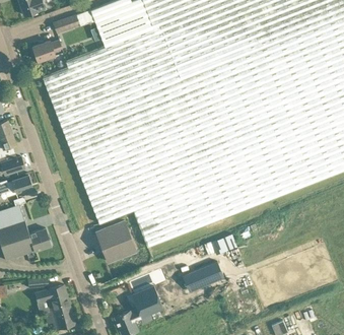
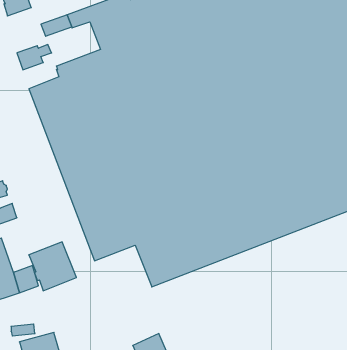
building: [95,220,136,262] -> [29,242,76,291]
building: [183,261,224,289] -> none

